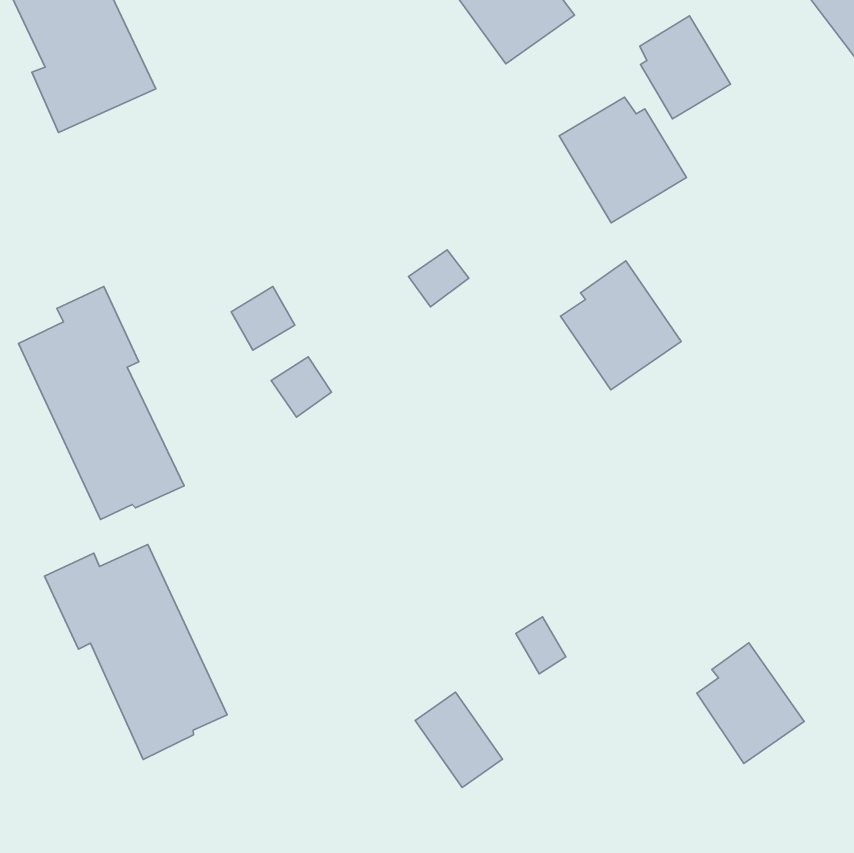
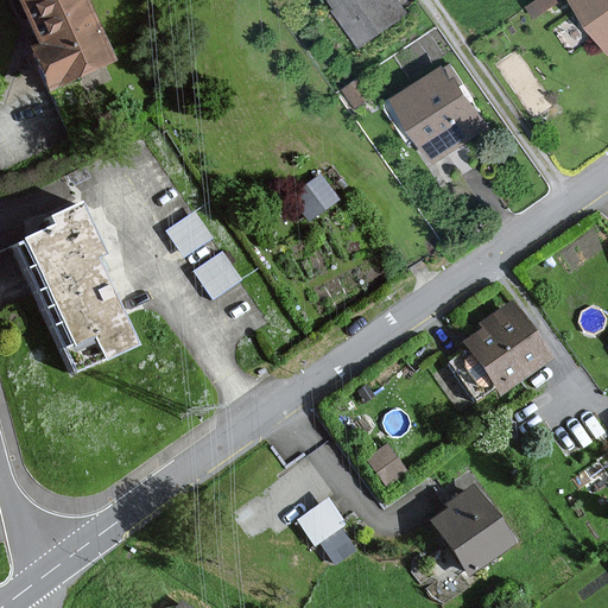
building: [640,16,730,119] -> none
building: [561,261,681,390] -> [460,306,545,398]
building: [44,545,227,759] -> none
building: [697,643,804,763] -> [439,483,515,569]

